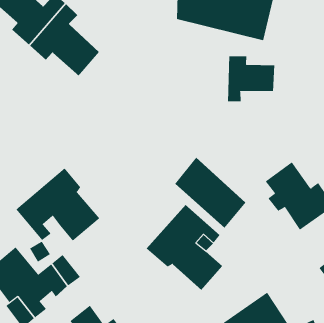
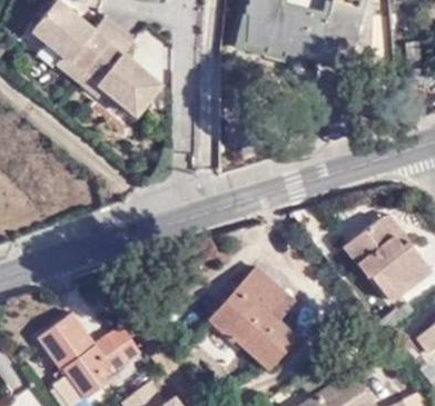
building: [227,56,275,102] -> none
building: [174,157,246,228] -> none
building: [15,168,100,241] -> none

